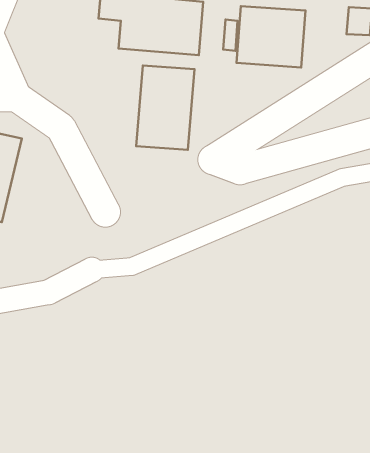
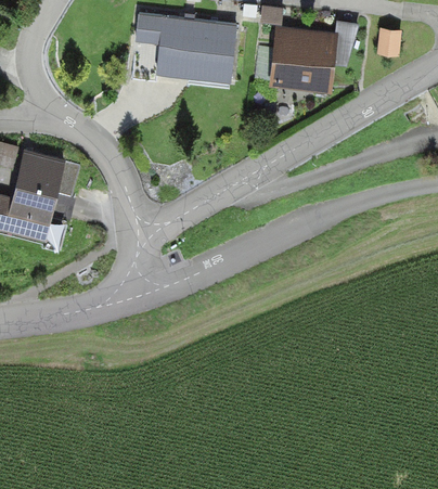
building: [136,66,195,150] -> none

